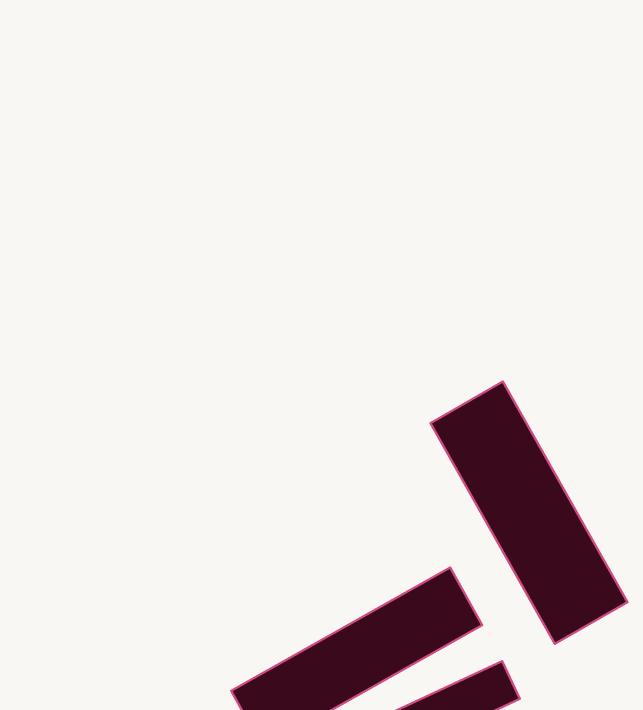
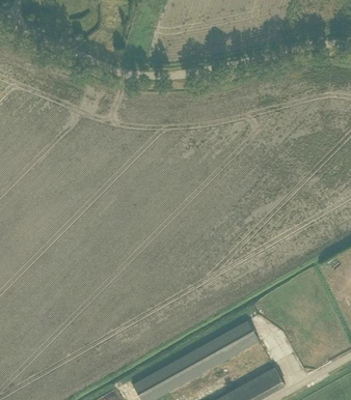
building: [430,381,627,644] -> none

